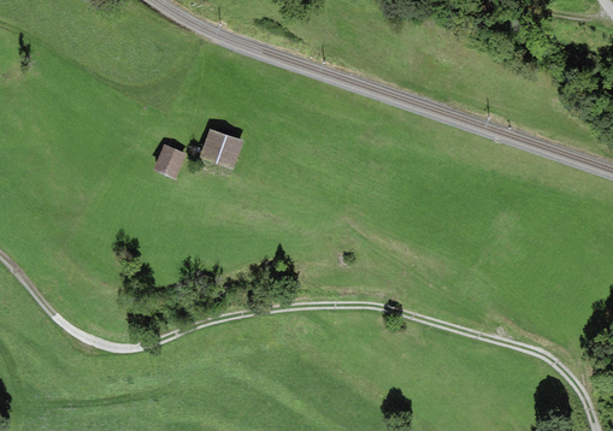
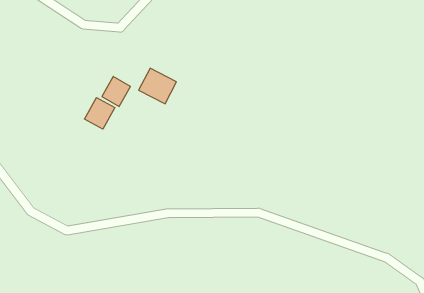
building: none -> [84,98,115,129]

